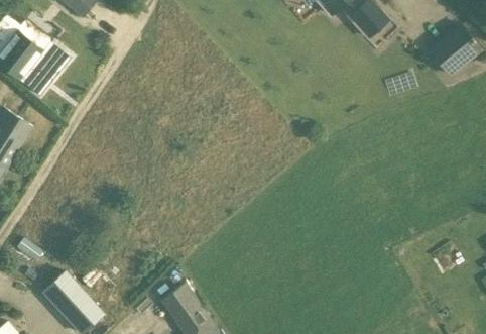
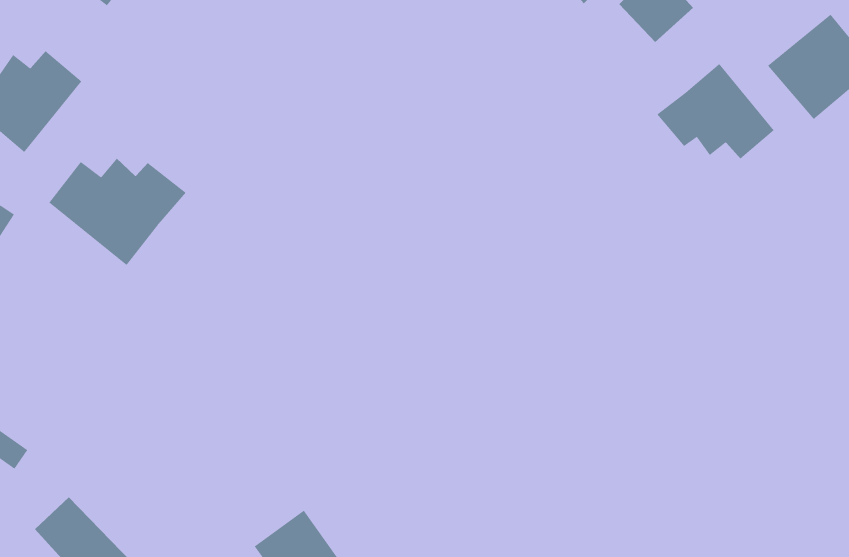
building: none -> [657,63,775,160]
building: none -> [49,158,187,266]

